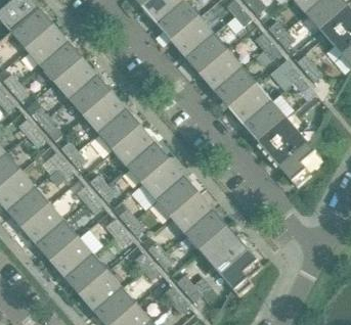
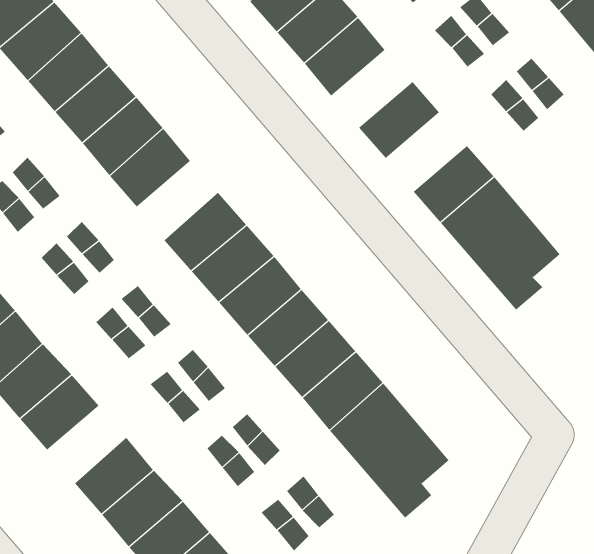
building: [199,49,242,90] -> none
building: [227,82,270,124] -> none
building: [96,107,139,149] -> none
building: [49,236,91,277] -> none

